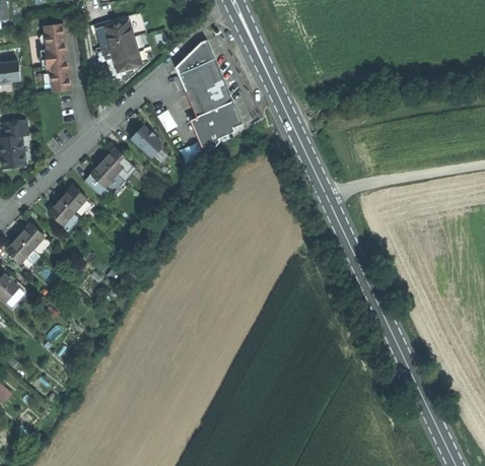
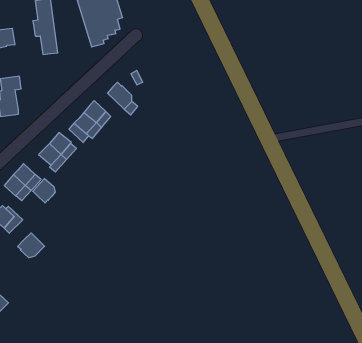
building: [175,39,243,150] -> none
building: none -> [33,178,55,203]
building: none -> [18,233,45,258]

